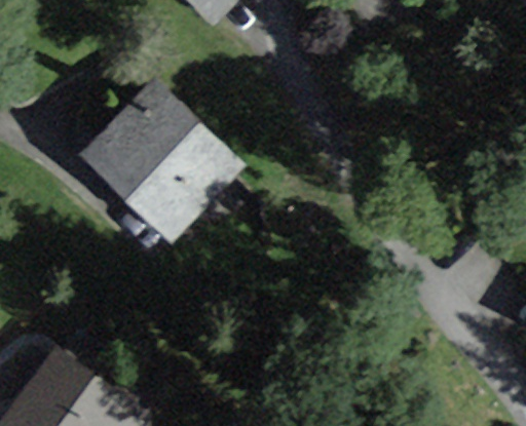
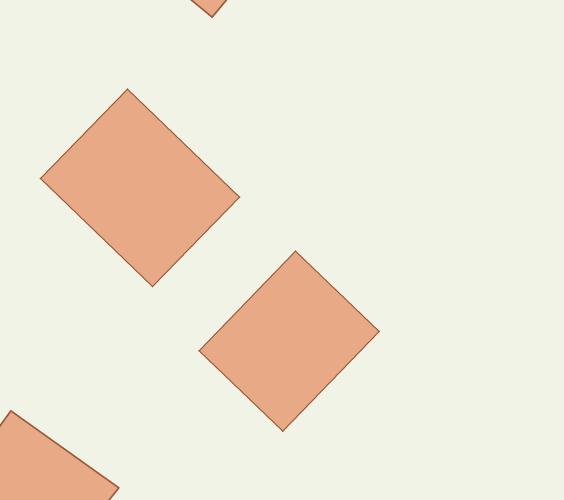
building: none -> [199,251,379,431]

